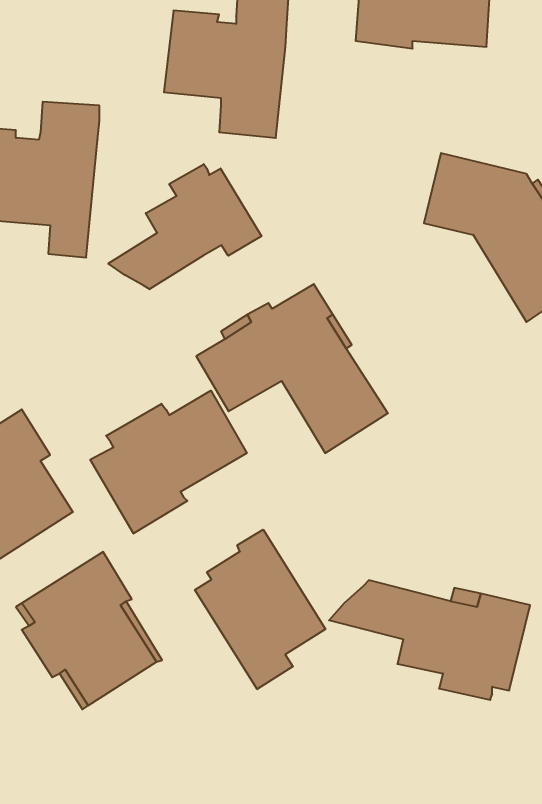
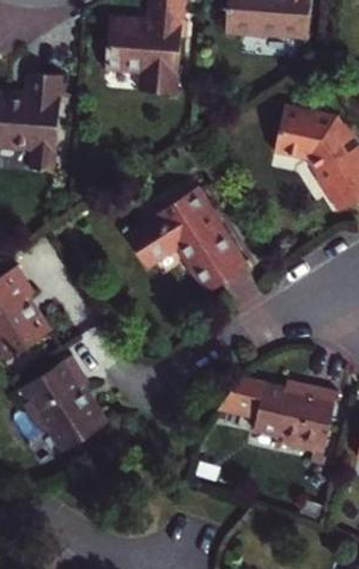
building: [108,164,261,289] -> none
building: [90,391,247,534] -> none
building: [195,530,325,689] -> none

